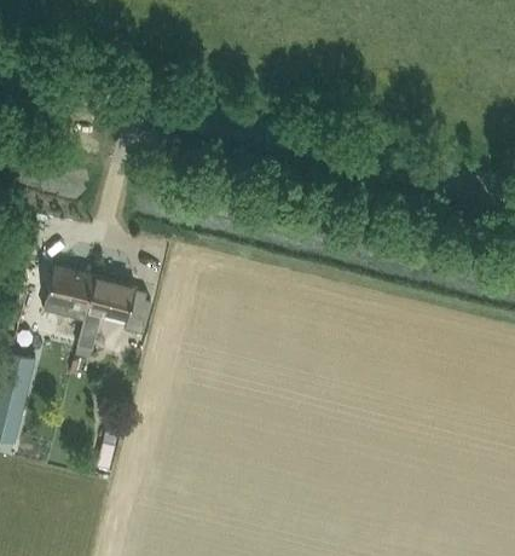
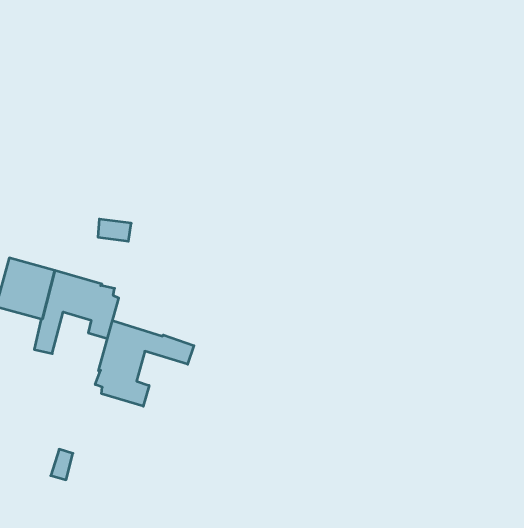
building: none -> [95,320,194,406]

